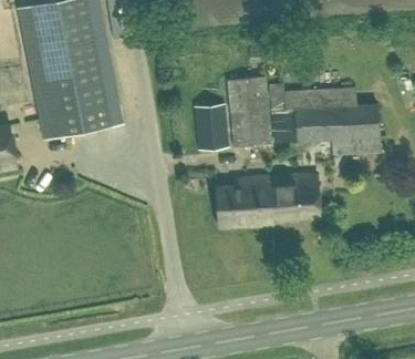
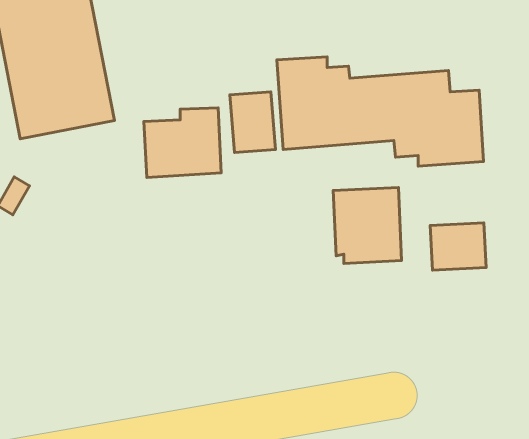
building: [217,175,273,226] -> [144,108,221,178]
building: none -> [430,223,486,270]

